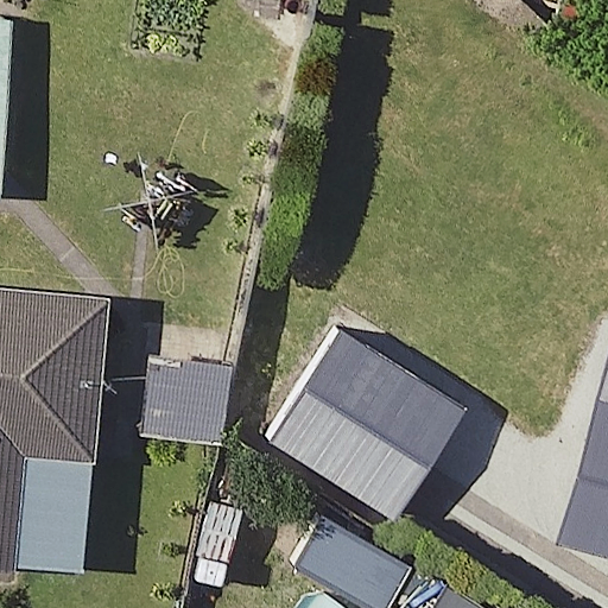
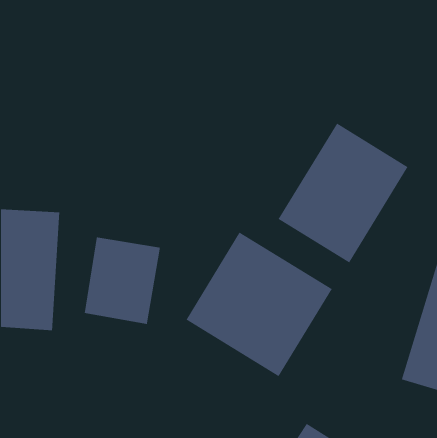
building: none -> [278,123,409,263]

